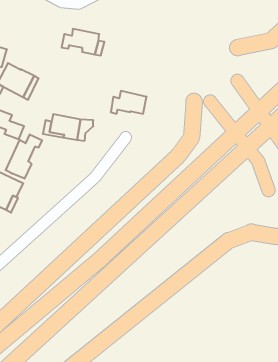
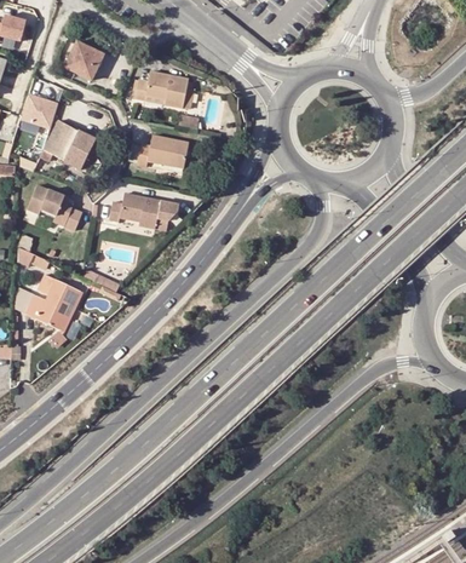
building: none -> [63,41,104,81]
building: [111,91,147,114] -> [137,136,188,168]
building: [6,134,42,179] -> none

